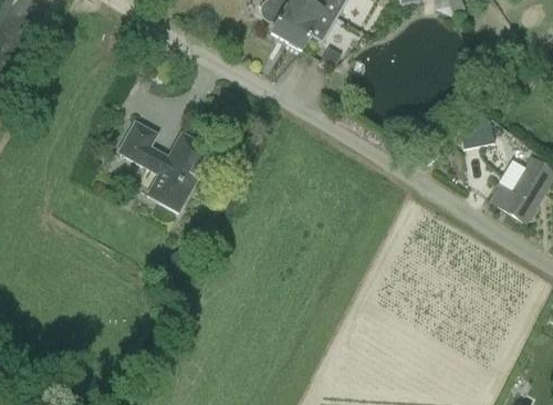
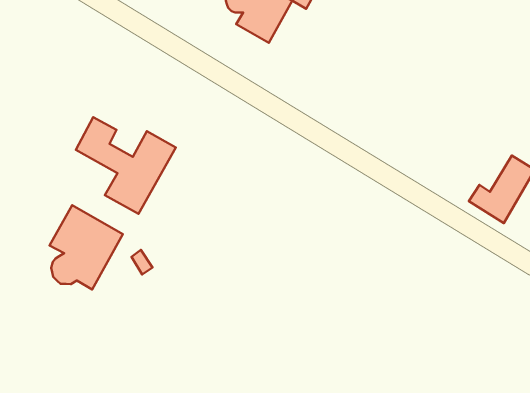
building: [459,118,495,149] -> none
building: none -> [50,205,123,289]

